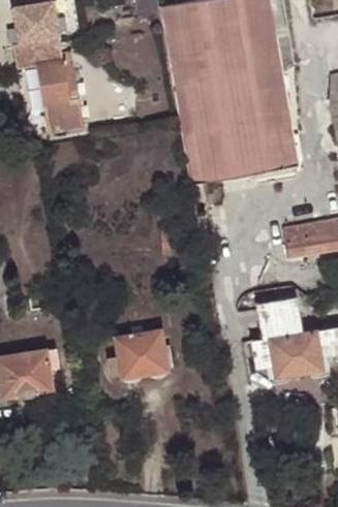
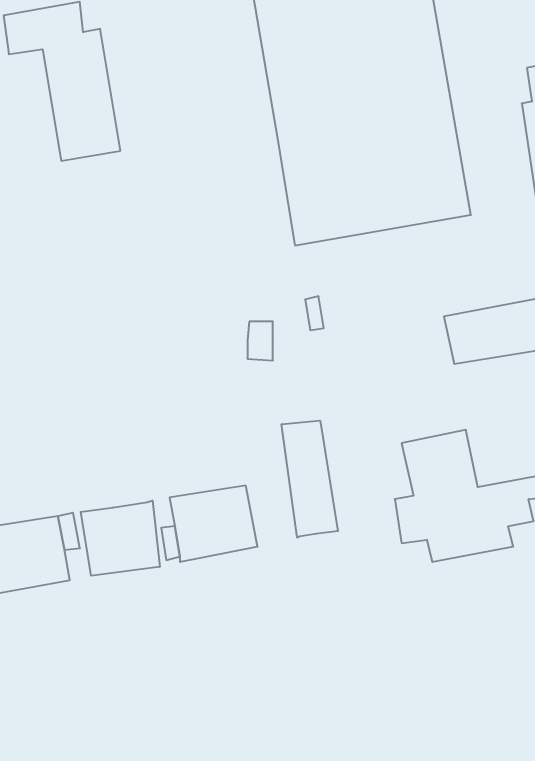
building: none -> [281,421,338,538]
building: none -> [81,501,160,576]

